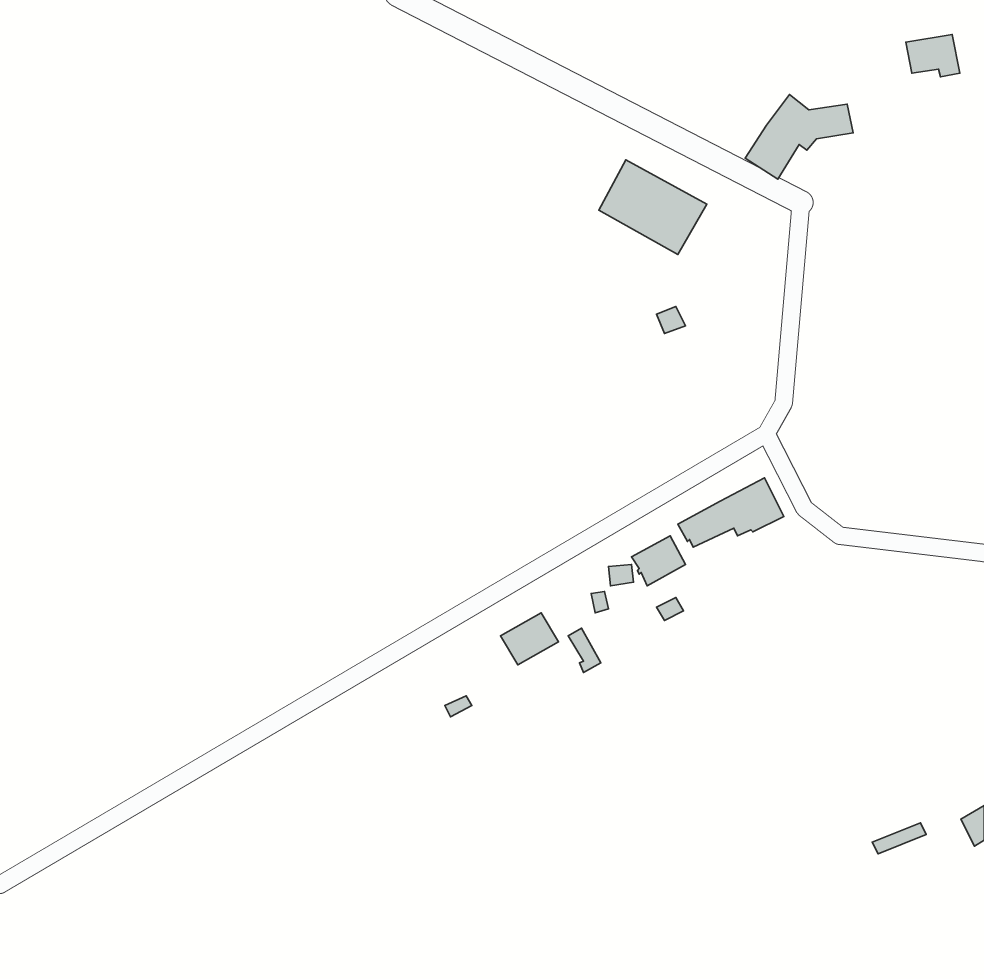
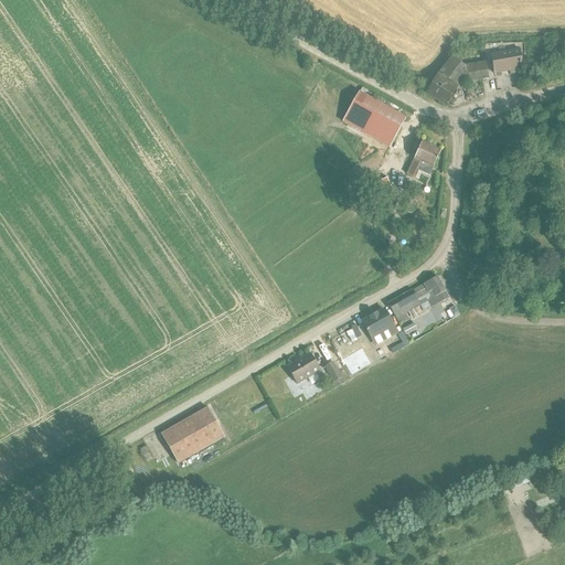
building: [906,35,960,77] -> [491,47,522,72]
building: none -> [408,140,441,173]
building: none -> [161,405,225,461]

